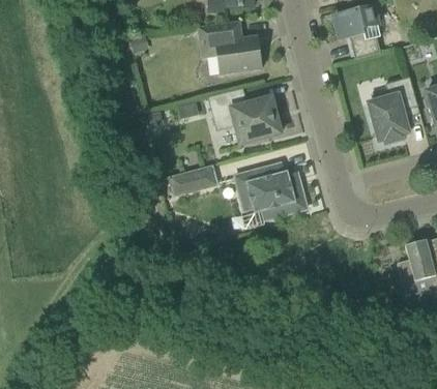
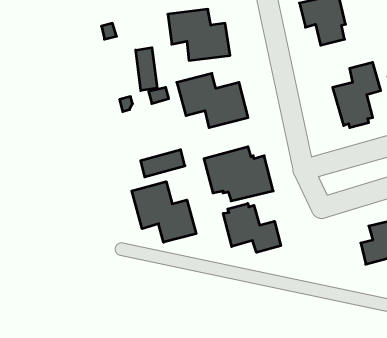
building: none -> [136,48,157,91]
building: none -> [132,182,196,242]
building: none -> [223,203,281,252]

